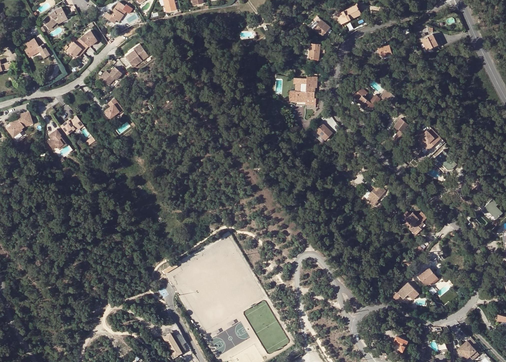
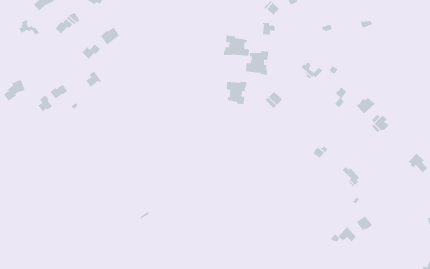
building: none -> [223,35,249,56]
building: none -> [226,81,247,105]

